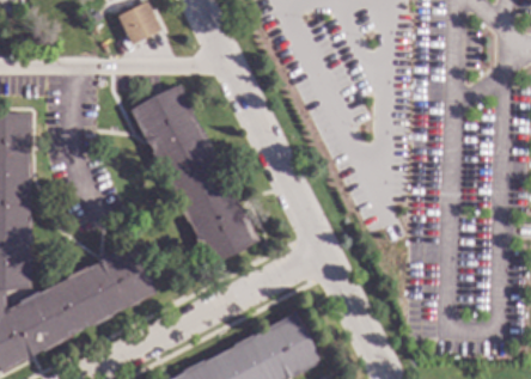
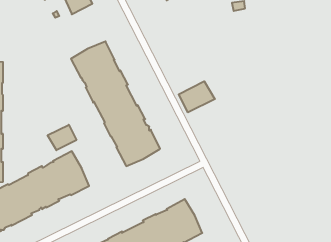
building: none -> [179,81,215,112]
building: none -> [48,125,76,150]

